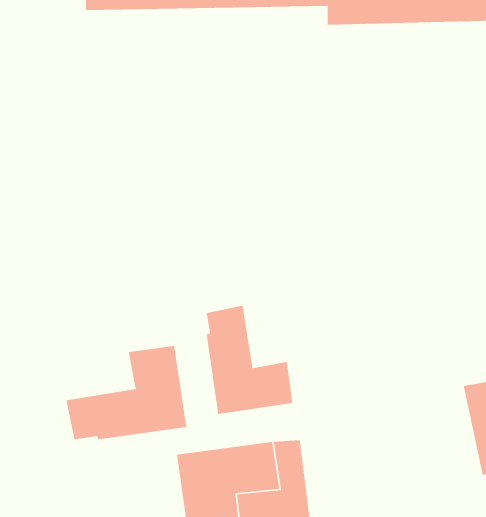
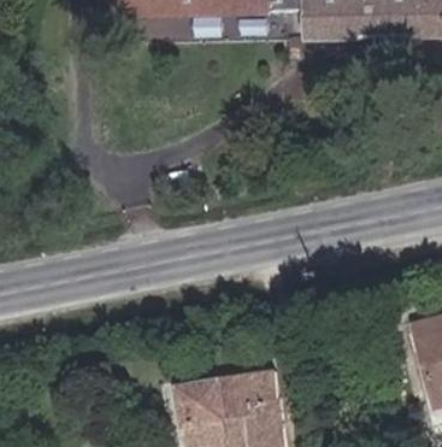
building: [206,305,293,415] -> none
building: [66,345,187,440] -> none

